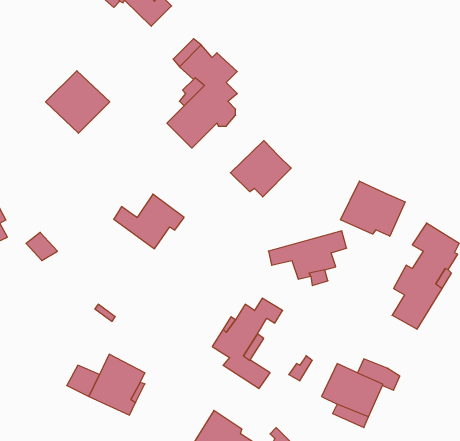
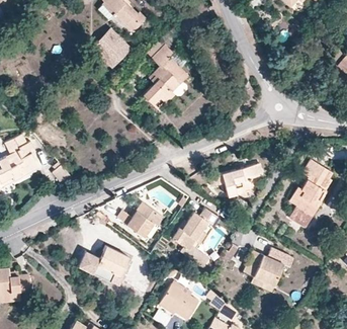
building: [46,71,110,133] -> [91,27,133,68]
building: [230,141,291,197] -> none
building: [341,181,405,236] -> none
building: [114,194,184,249] -> [117,201,163,237]

